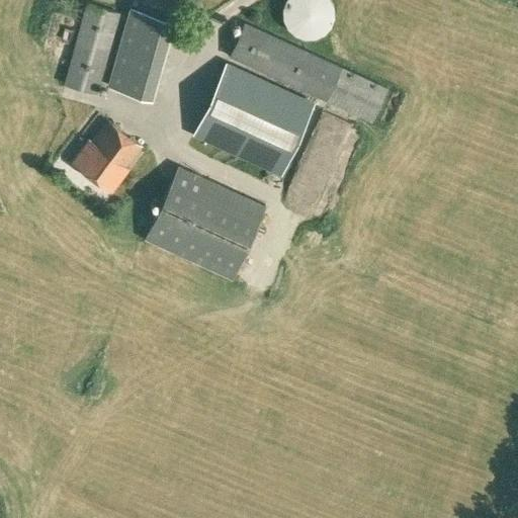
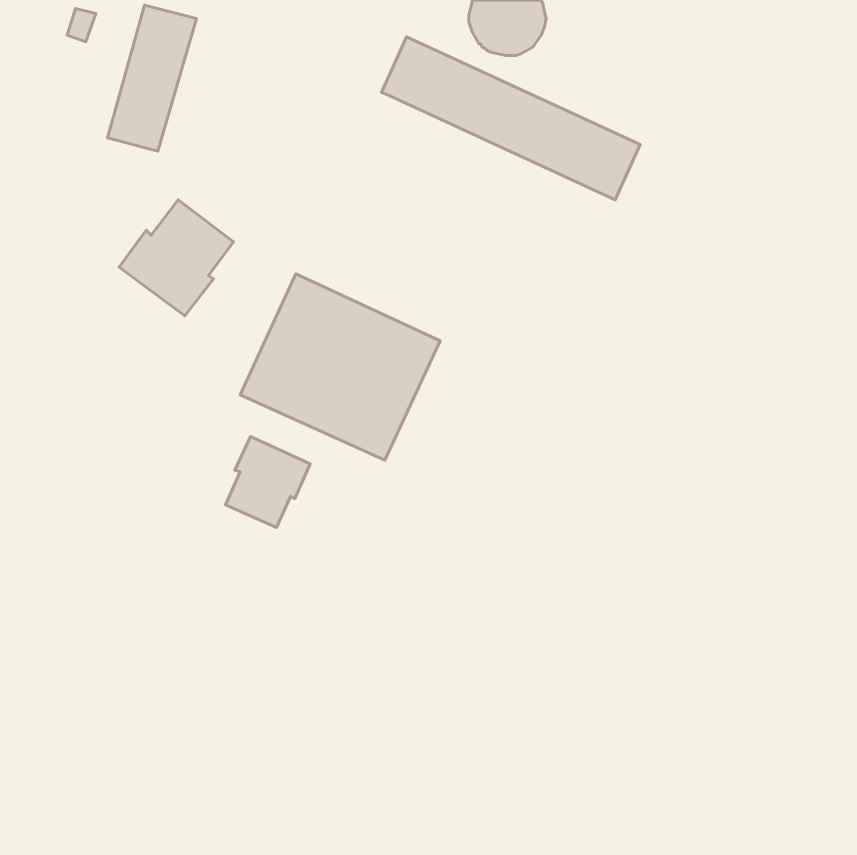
building: [108,8,174,99] -> none
building: [192,63,315,177] -> none
building: none -> [226,436,310,528]

